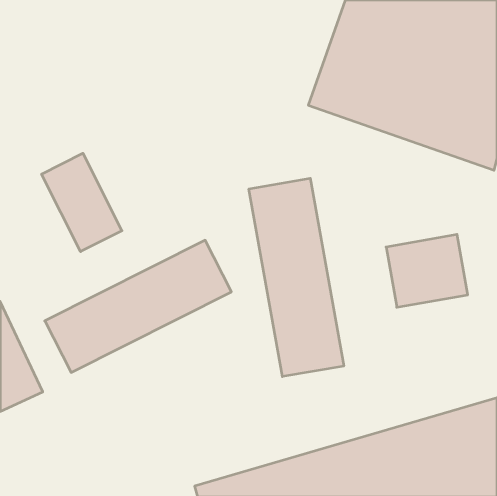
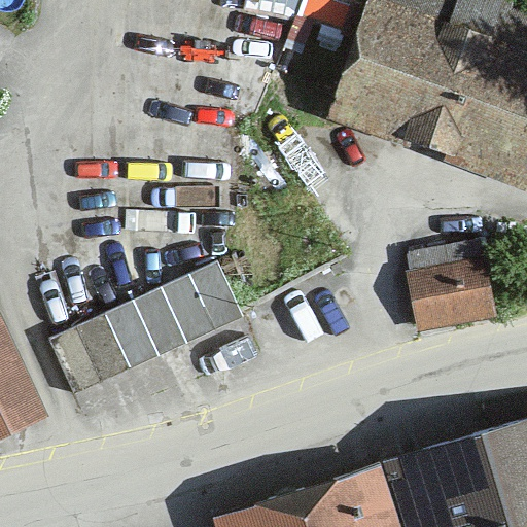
building: [42,153,122,252] -> none
building: [249,178,344,377] -> none

